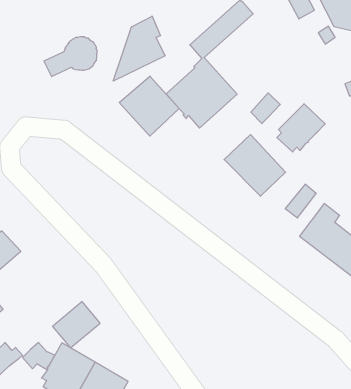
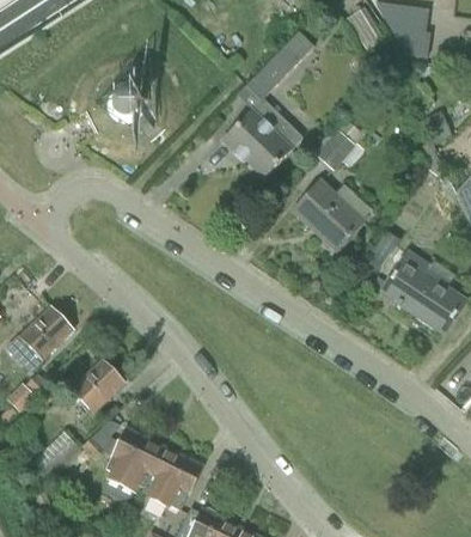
building: [113,16,165,81] -> none
building: [119,76,179,136] -> none
building: [277,104,325,152] -> none
building: [53,302,100,348] -> [73,359,126,411]

